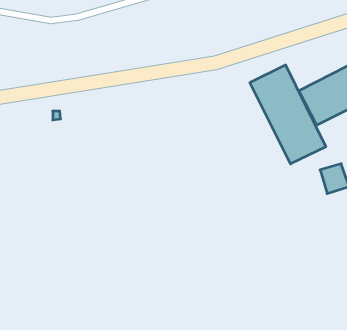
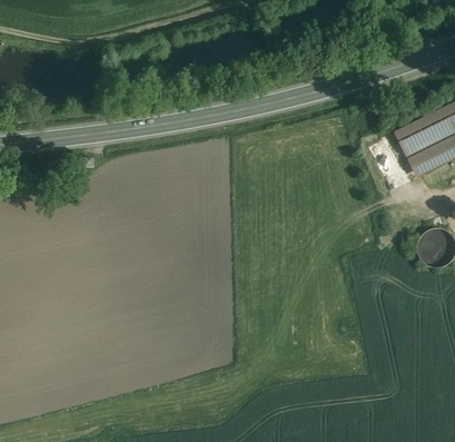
building: [250,65,326,164] -> none

